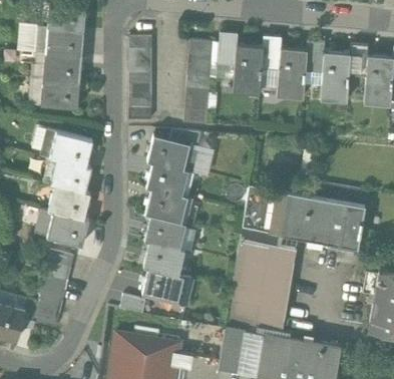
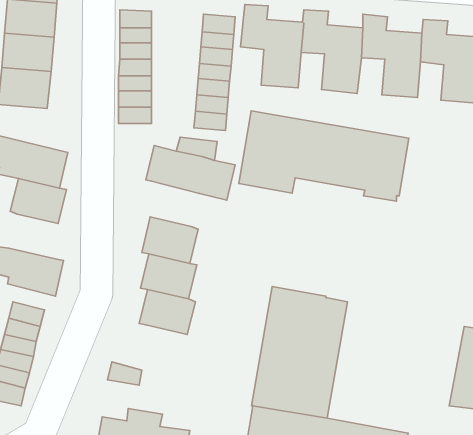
building: [146,162,187,196] -> none
building: [48,186,89,220] -> none
building: [241,186,365,253] -> [239,111,409,201]
building: [142,268,193,304] -> none

